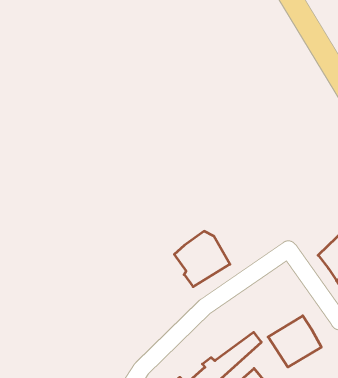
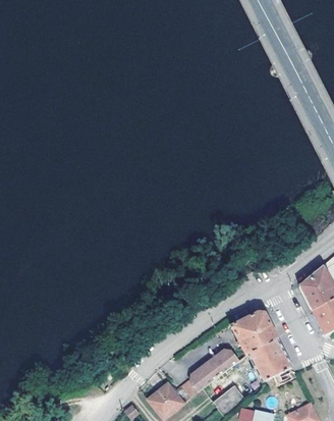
building: [174,231,230,287] -> [231,307,279,355]

